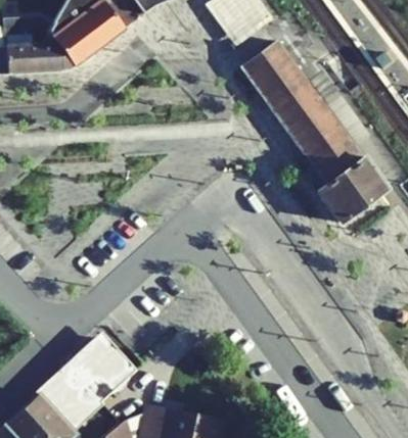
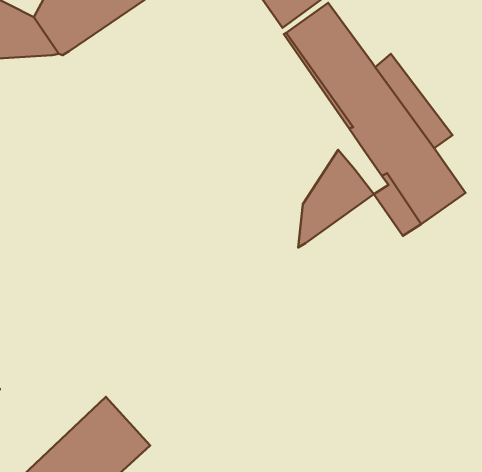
building: none -> [298,150,374,248]

